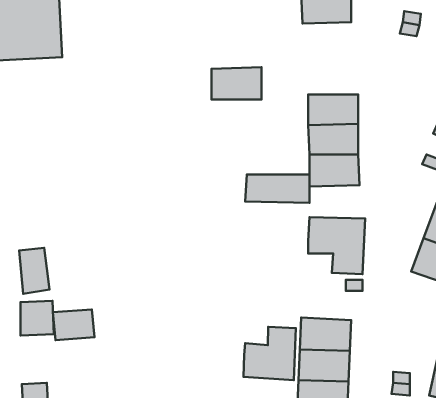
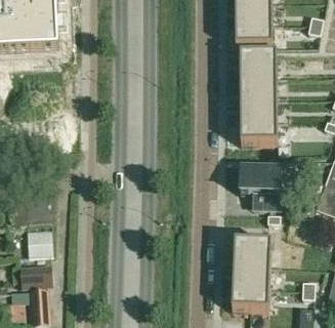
building: none -> [236,26,273,49]
building: [211,67,261,99] -> [240,55,277,79]
building: [245,175,310,203] -> none
building: [53,309,95,340] -> [20,266,51,289]
building: [243,327,296,380] -> none

